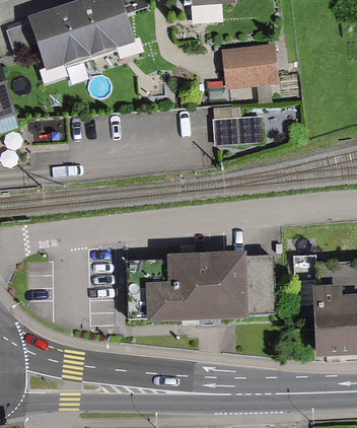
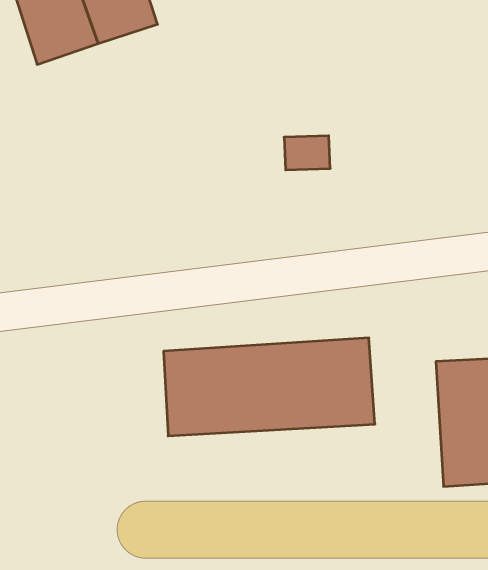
building: [223,49,276,84] -> none

